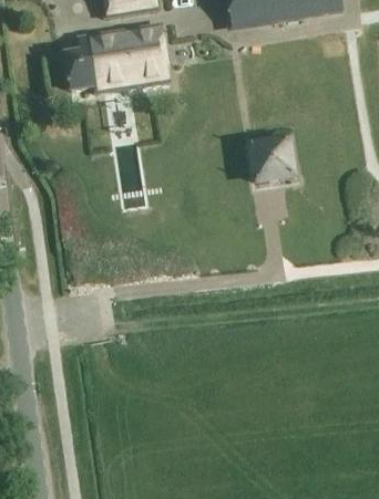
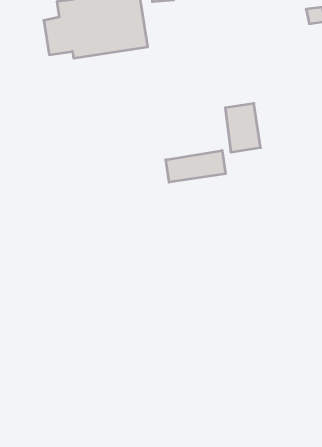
building: none -> [166,150,226,182]

